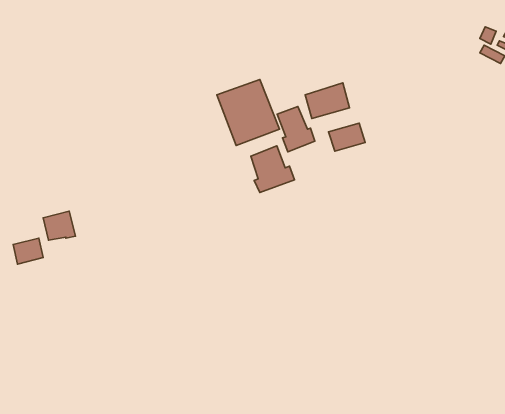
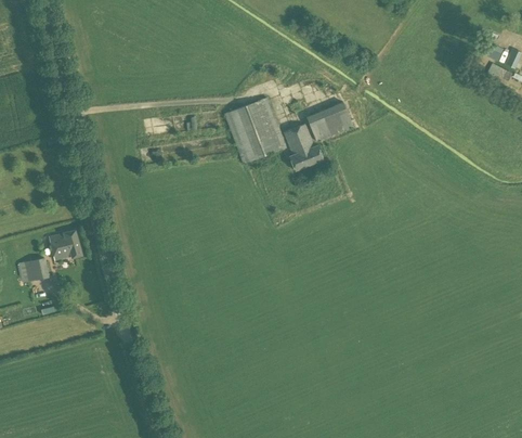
building: [329,123,365,151] -> none
building: [251,146,295,193] -> none

